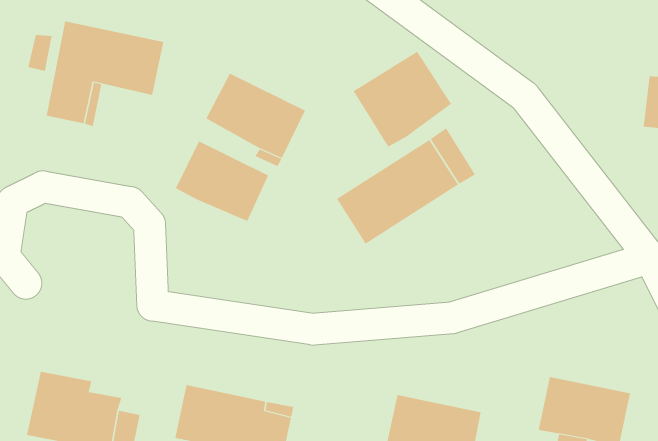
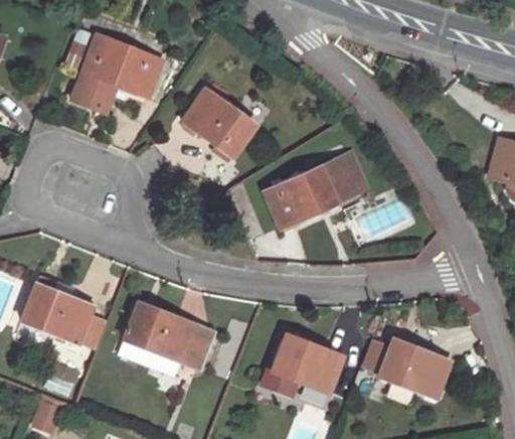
building: [353,51,452,148] -> none
building: [175,141,269,222] -> none

